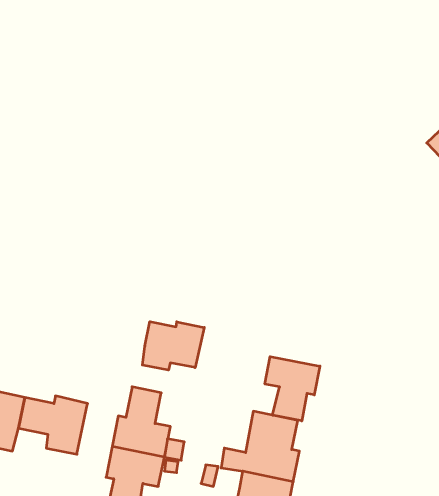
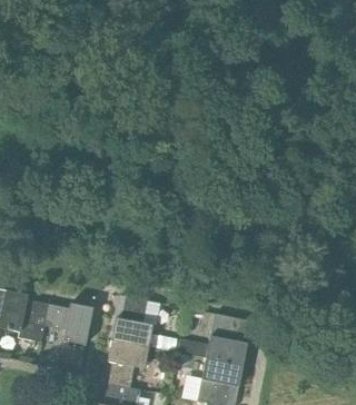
building: [142,322,204,370] -> none
building: [265,357,320,421] -> none

